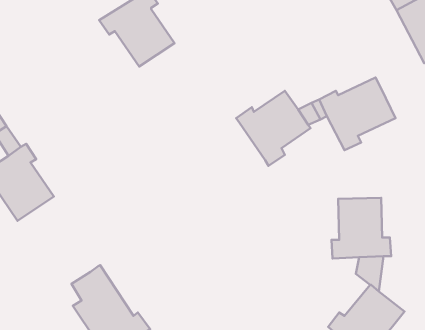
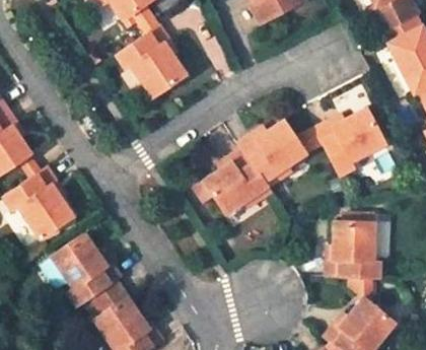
building: none -> [206,148,273,215]
building: none -> [50,232,119,306]

